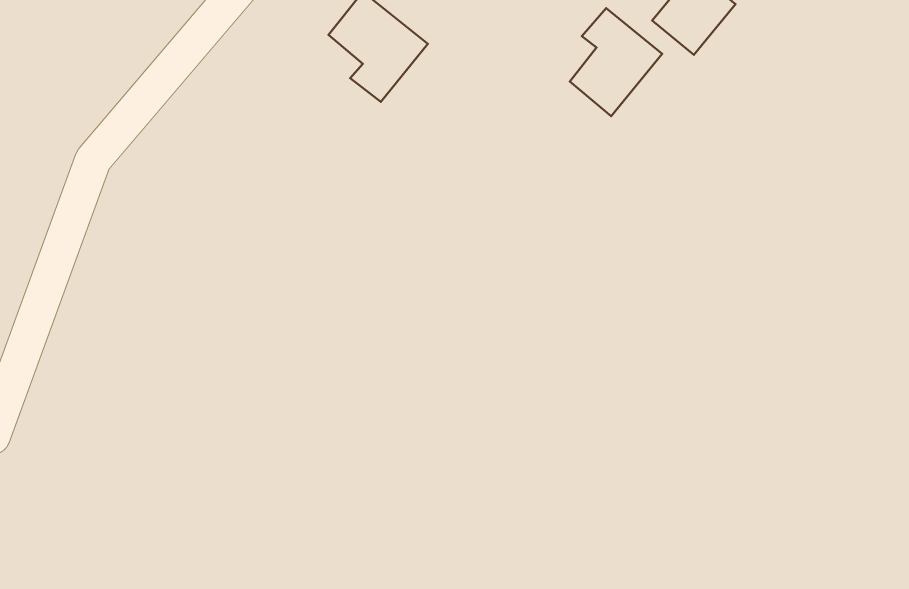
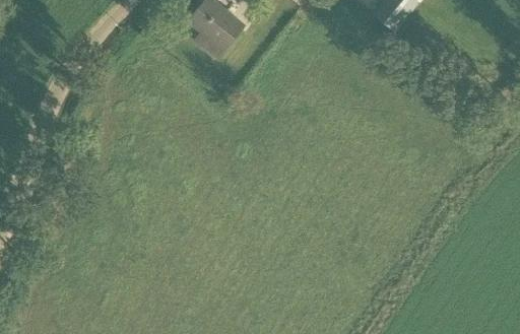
building: [570,8,662,116] -> none

